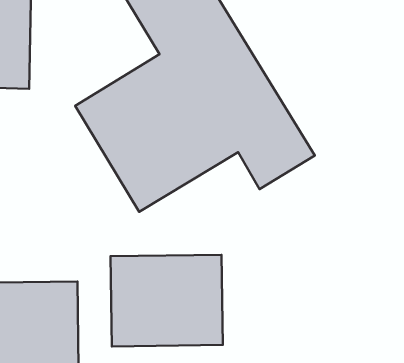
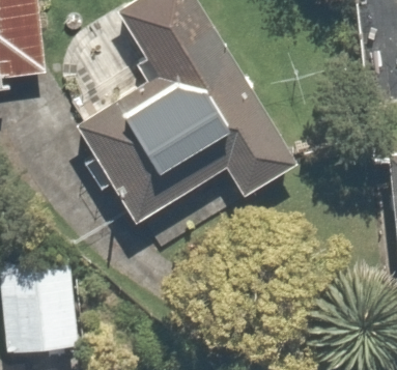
building: [111,255,223,346] -> none

